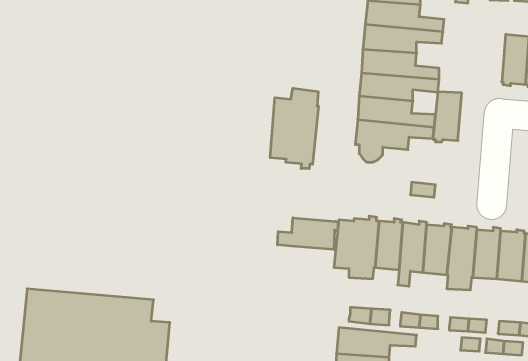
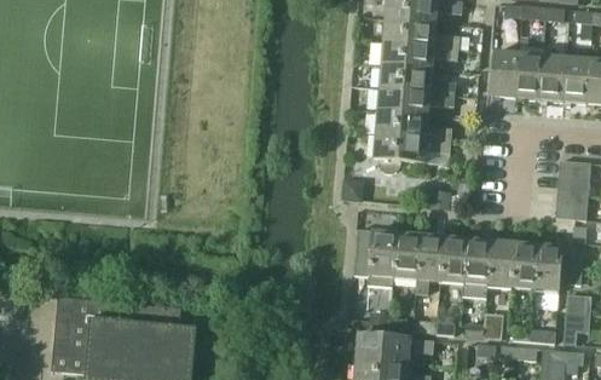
building: [270,88,318,169] -> none
building: [433,92,462,142] -> [491,50,519,98]
building: [278,218,338,250] -> none

